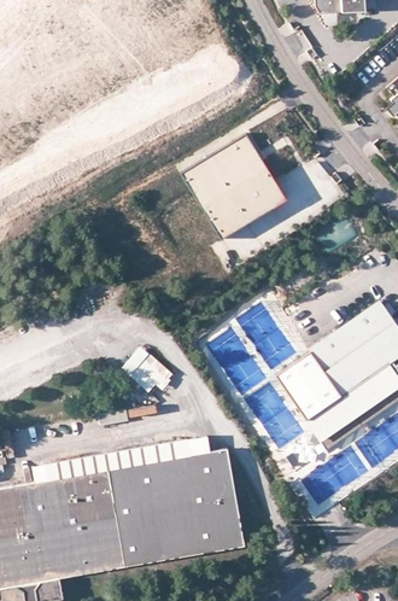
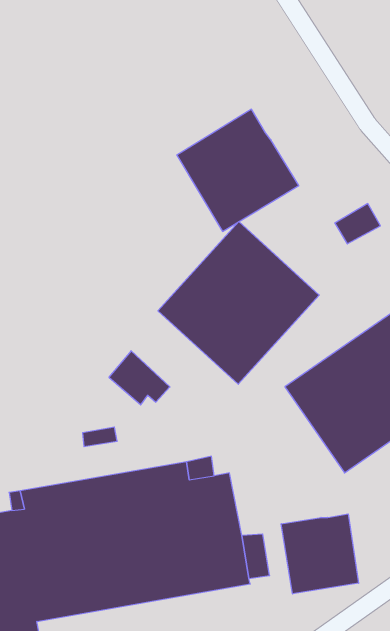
building: none -> [158,222,319,384]
building: none -> [281,514,359,594]

